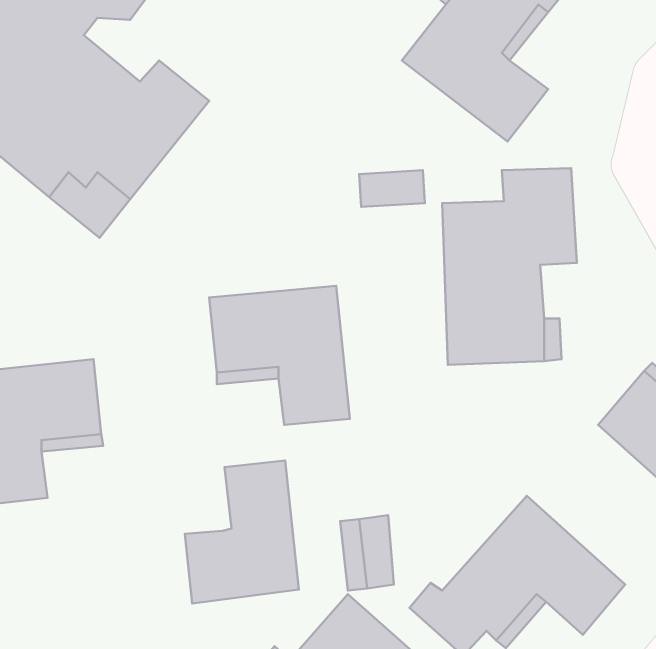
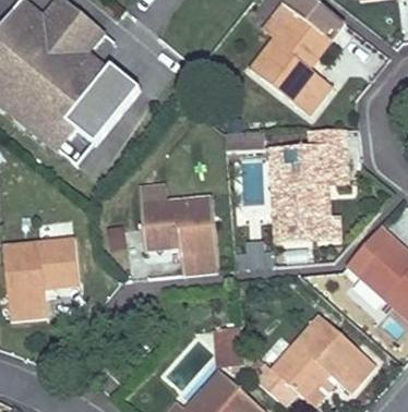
building: [185,460,299,603] -> none

